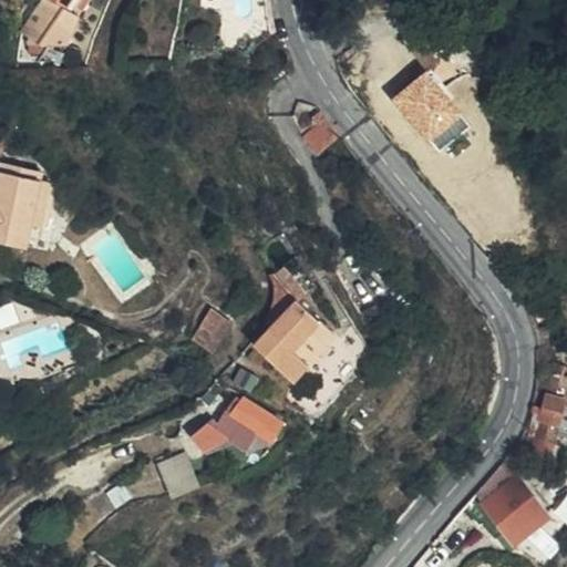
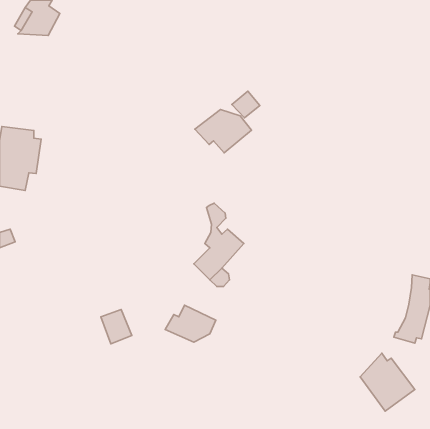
building: [392,69,474,153] -> none
building: none -> [195,109,251,153]
building: [186,308,230,353] -> none
building: [159,452,200,497] -> [101,309,132,344]

